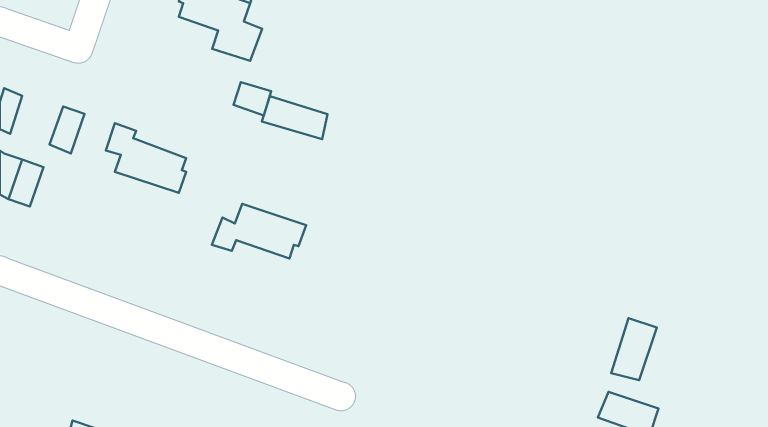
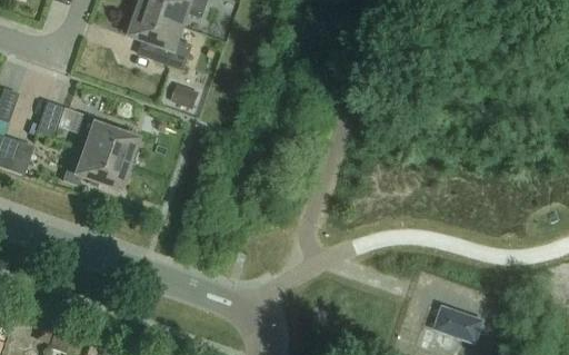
building: [262,96,328,139] -> none
building: [212,204,306,258] -> [62,148,131,188]
building: [611,318,657,380] -> none

